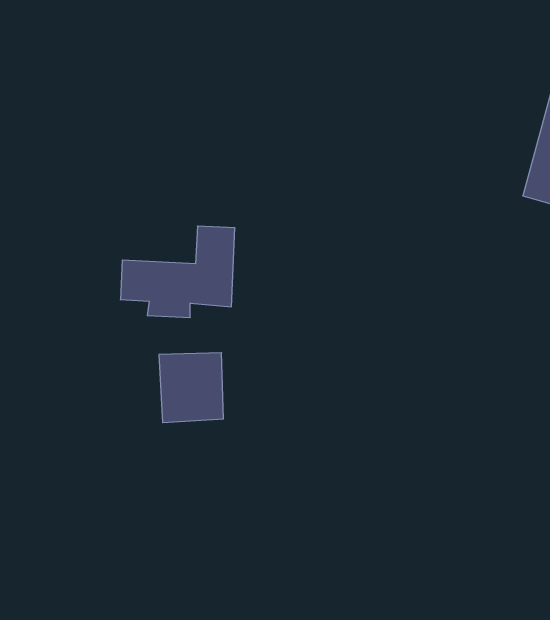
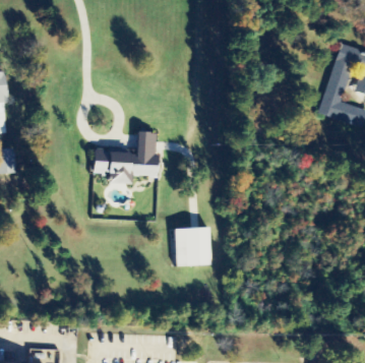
building: [159,353,223,423] -> [174,229,210,268]

